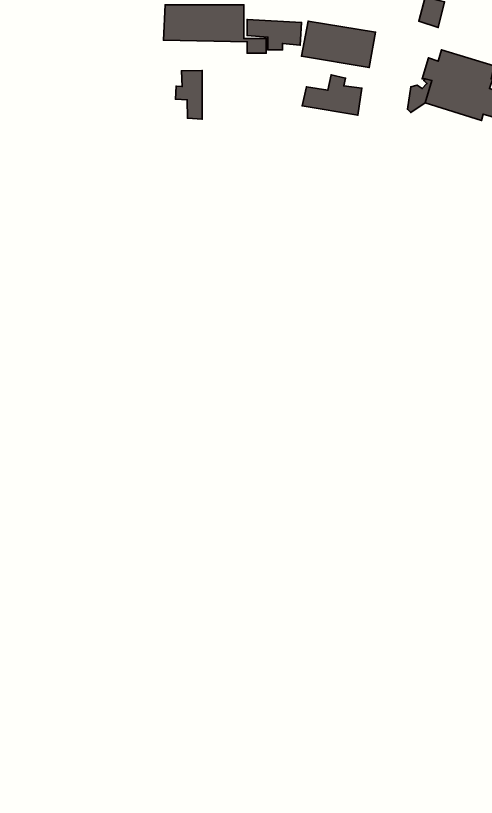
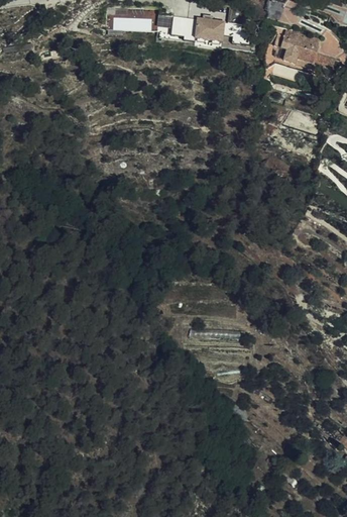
building: [176,71,202,119] -> none
building: [302,75,362,115] -> none

